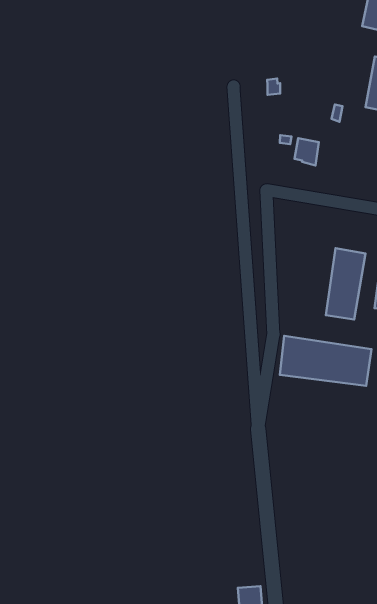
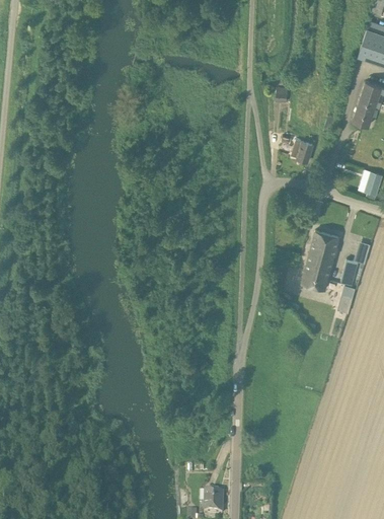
building: [280,336,371,386] -> none

